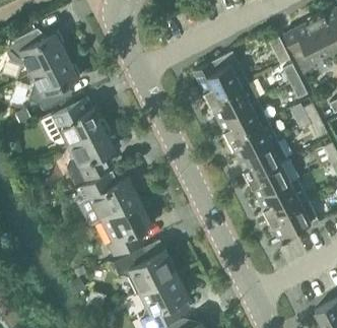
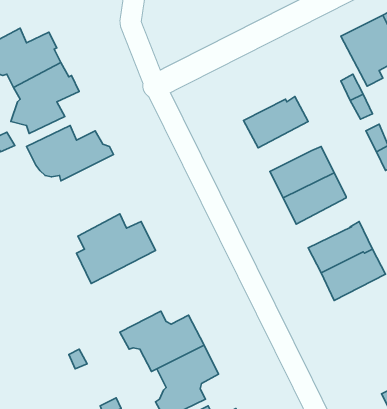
building: [194,53,248,102] -> none
building: [219,103,268,141] -> none
building: [67,128,115,187] -> none
building: [249,161,297,200] -> none
building: [103,202,152,258] -> none

